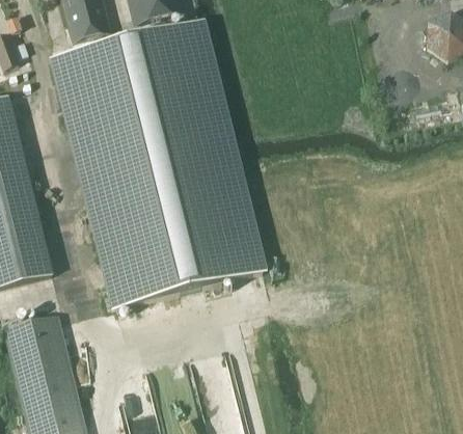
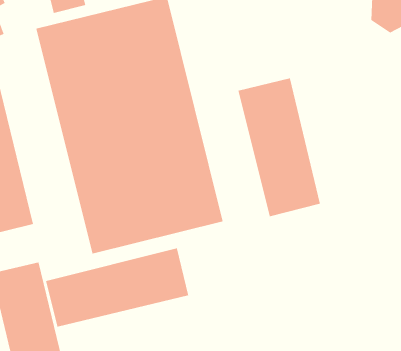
building: none -> [238,78,321,217]
building: none -> [45,247,189,327]

